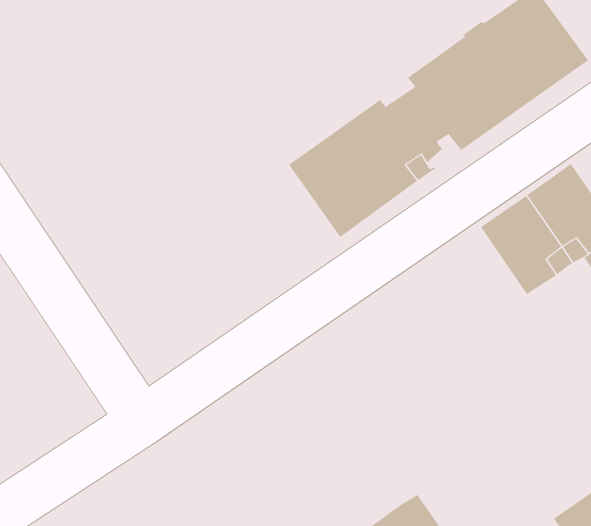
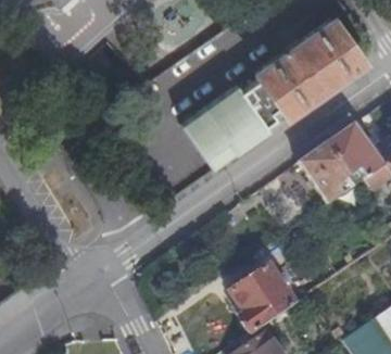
building: none -> [229,263,295,332]

